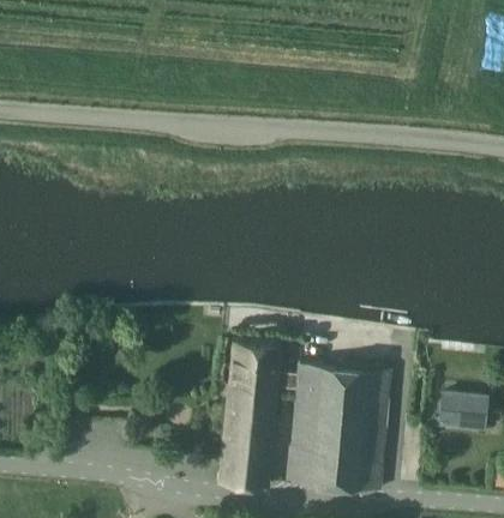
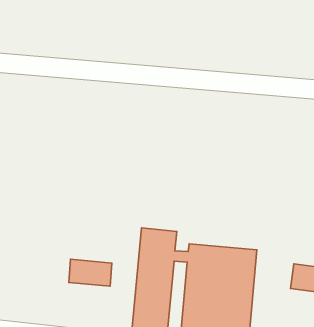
building: none -> [69,259,112,286]

